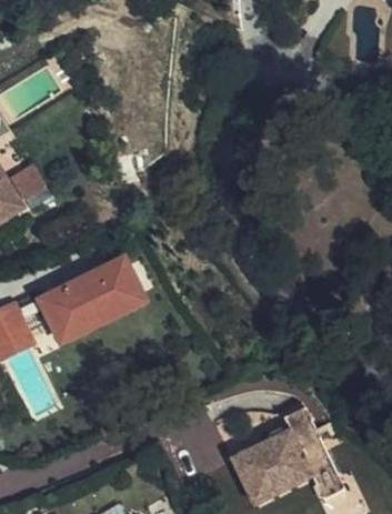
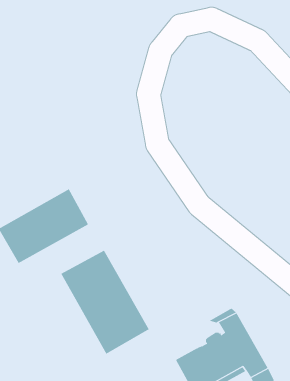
building: none -> [61,250,150,355]

